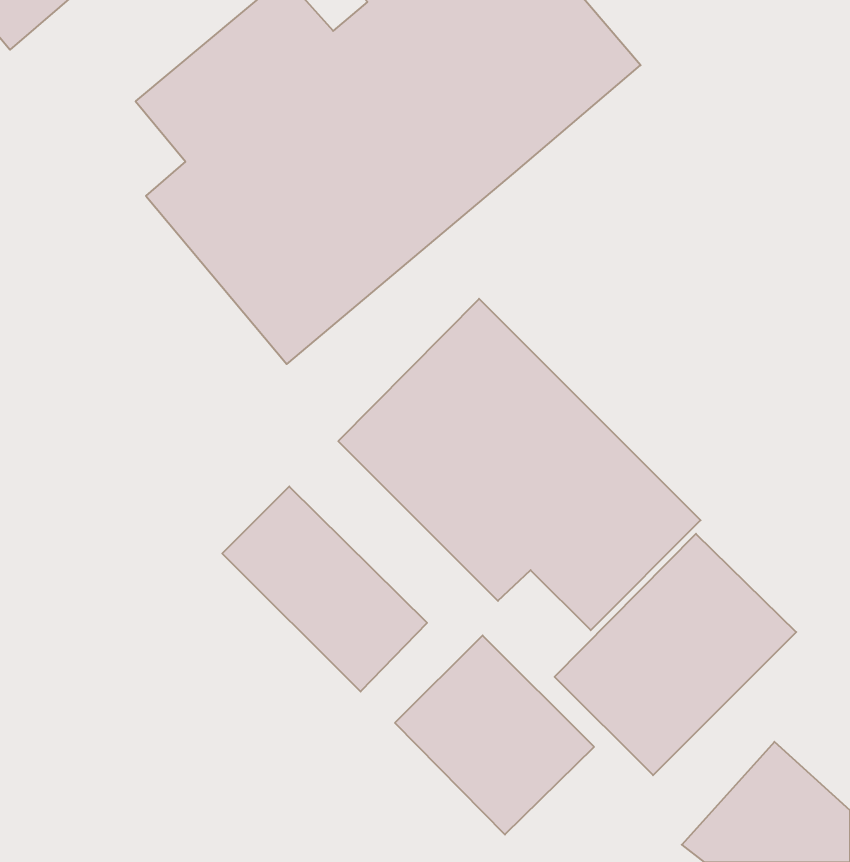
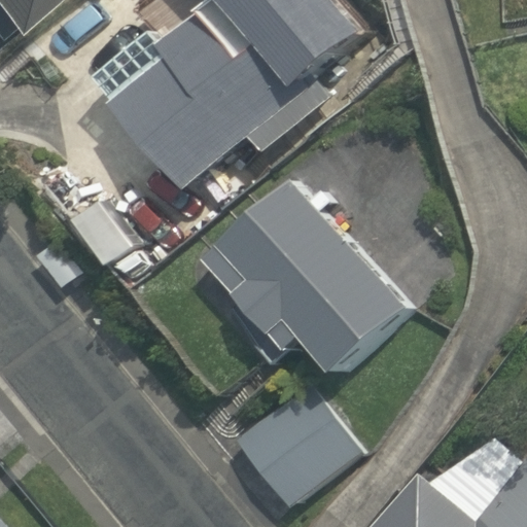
building: [222,486,427,692] -> none
building: [555,534,796,775] -> none

